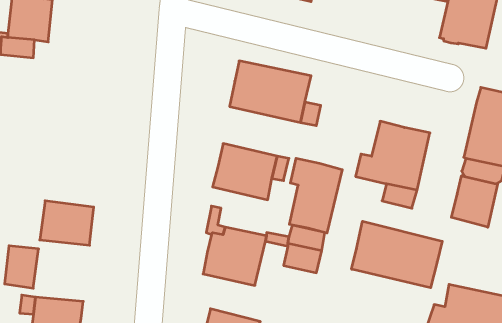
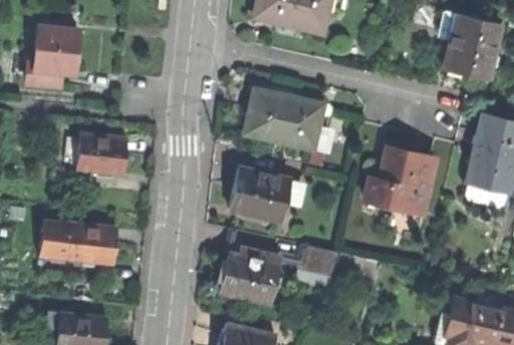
building: none -> [64,134,126,176]
building: [289,158,342,233] -> none
building: [451,176,498,227] -> none
building: [352,221,442,288] -> none
building: [5,246,39,288] -> [39,219,71,259]

